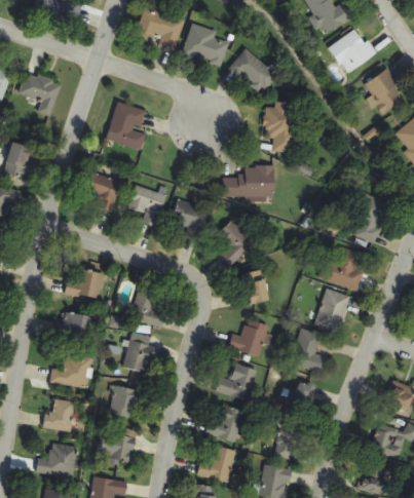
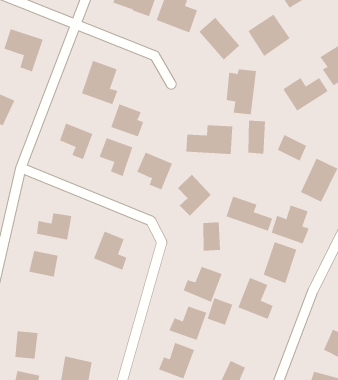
building: [328,28,375,75] -> [247,14,290,57]
building: none -> [283,77,329,112]
building: none -> [110,103,144,137]
building: none -> [248,120,266,154]
building: none -> [277,134,307,162]
building: none -> [226,196,273,231]
building: [121,332,156,374] -> none
building: [50,354,91,388] -> none
building: [289,382,316,412] -> [207,298,233,326]
building: [109,386,145,418] -> none

